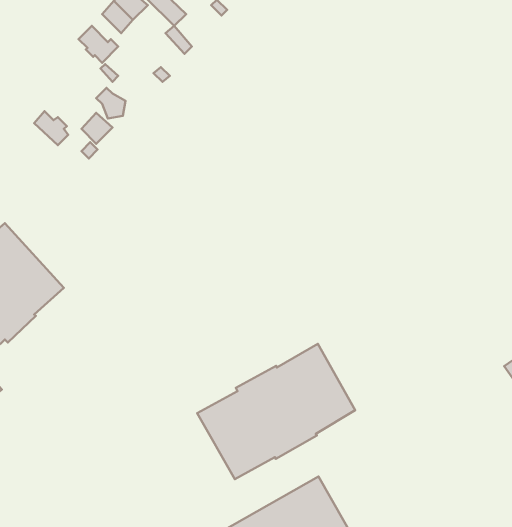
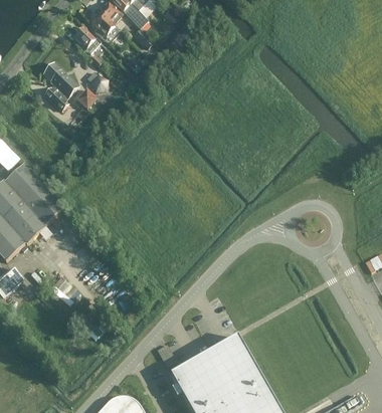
building: none -> [42,62,77,96]
building: [197,344,355,479] -> none

